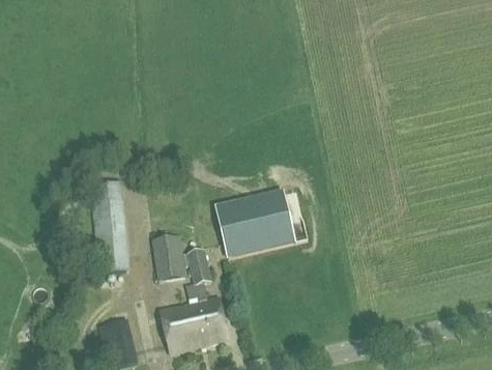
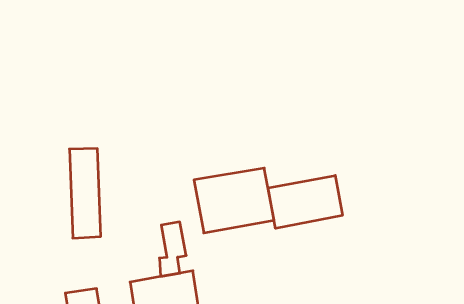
building: none -> [268,175,342,228]
building: [150,234,185,280] -> none

